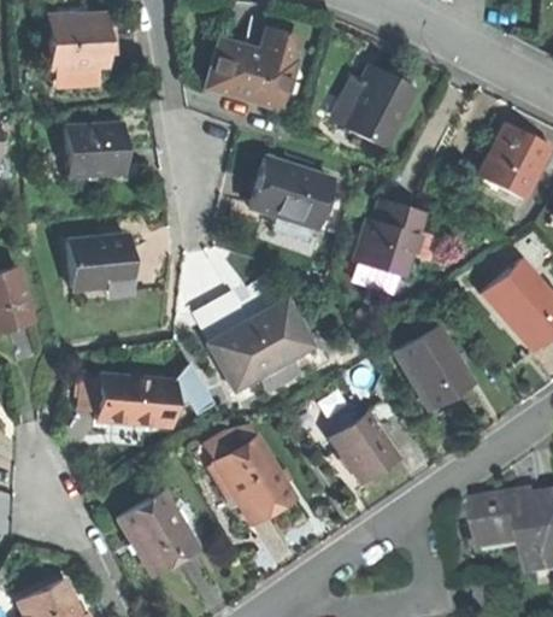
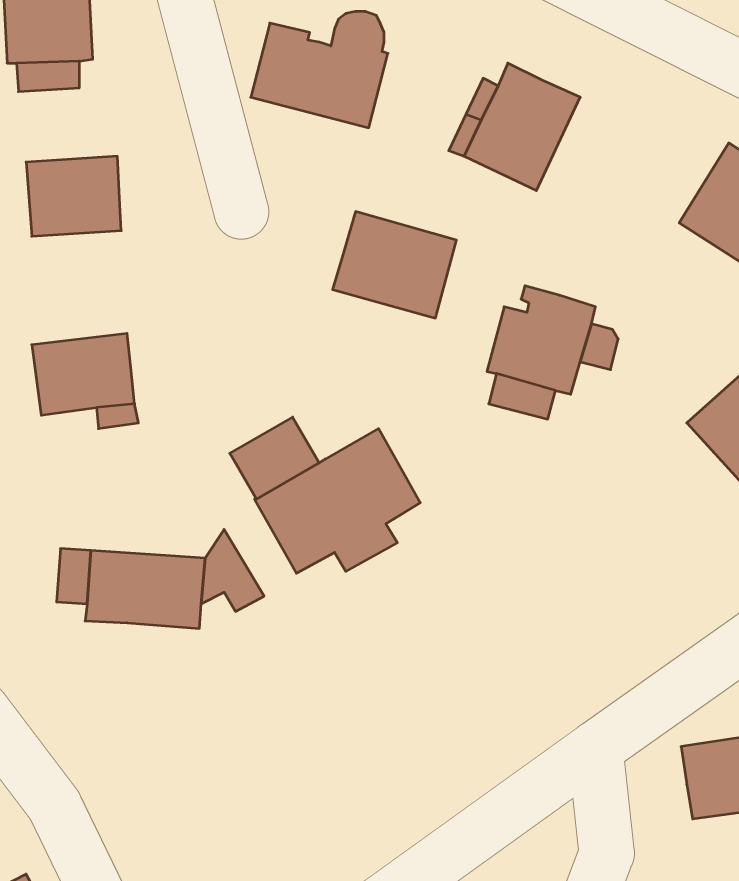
building: [394,324,475,410] -> none
building: [329,411,396,481] -> none
building: [213,434,295,522] -> none
building: [118,490,196,574] -> none

